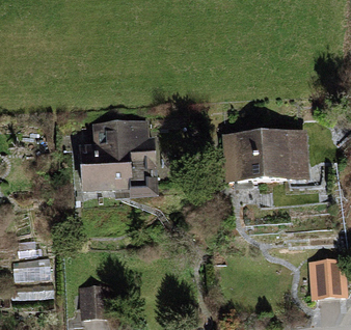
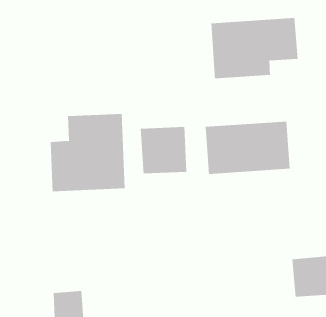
building: none -> [211,17,298,79]
building: none -> [140,126,187,174]

